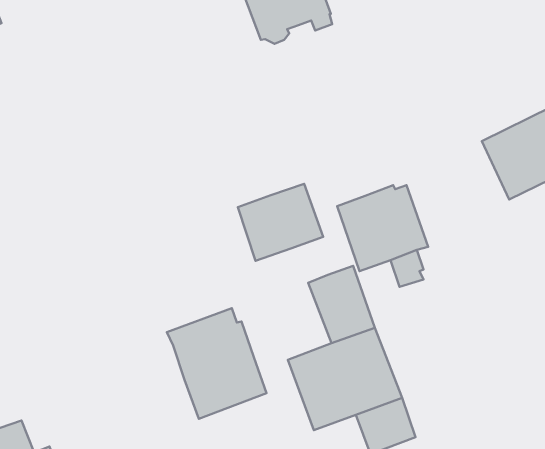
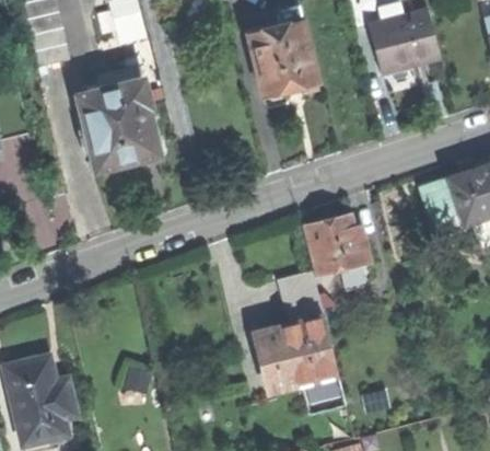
building: none -> [78,77,160,170]
building: [238,184,323,261] -> none
building: [167,308,266,419] -> none

